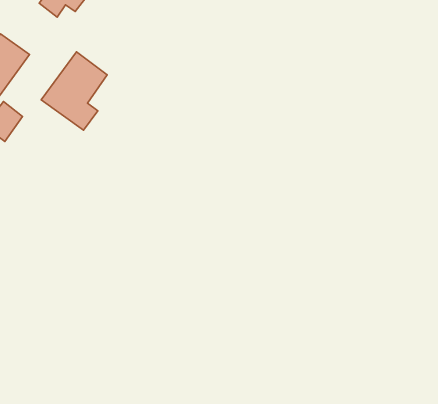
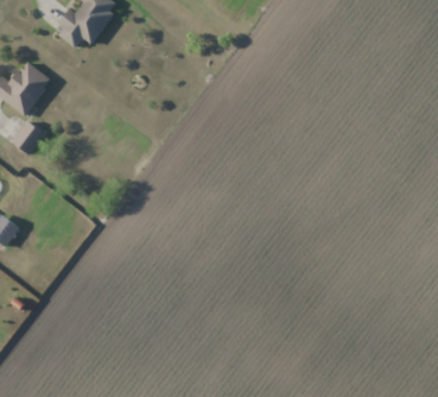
building: [41,52,107,130] -> none

